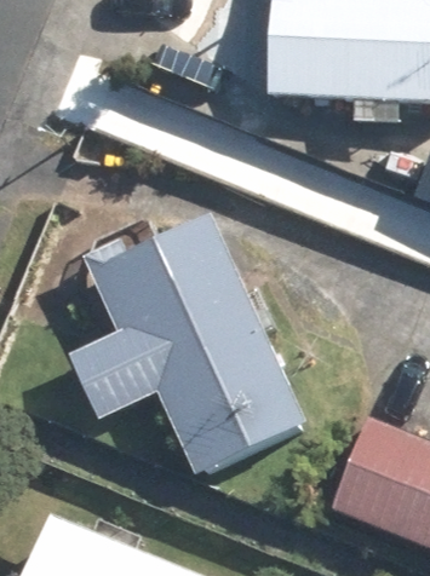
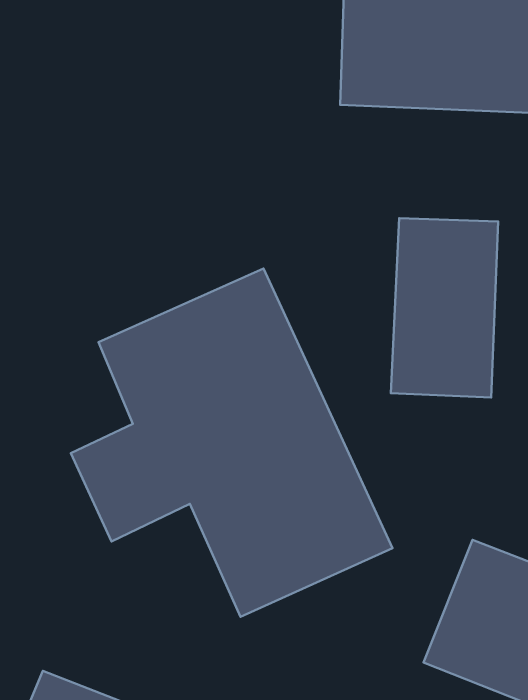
building: none -> [391,218,498,397]

